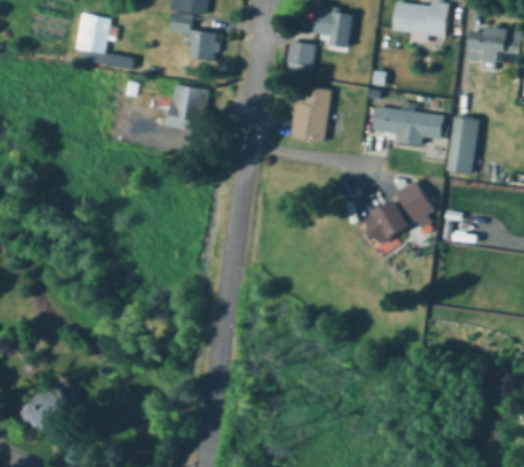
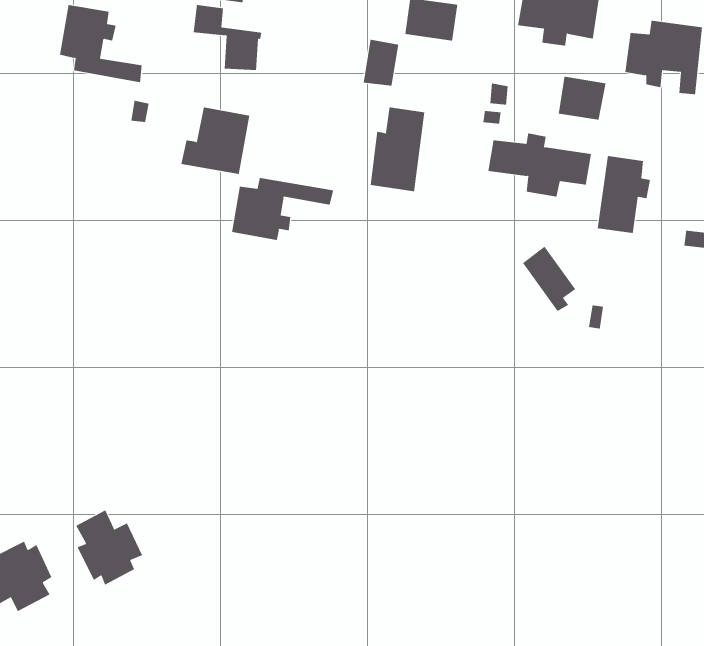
building: none -> [558,76,606,121]
building: none -> [231,177,334,241]
building: [365,199,410,244] -> none
building: none -> [76,510,143,585]

